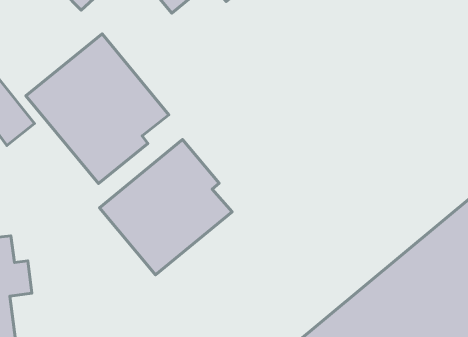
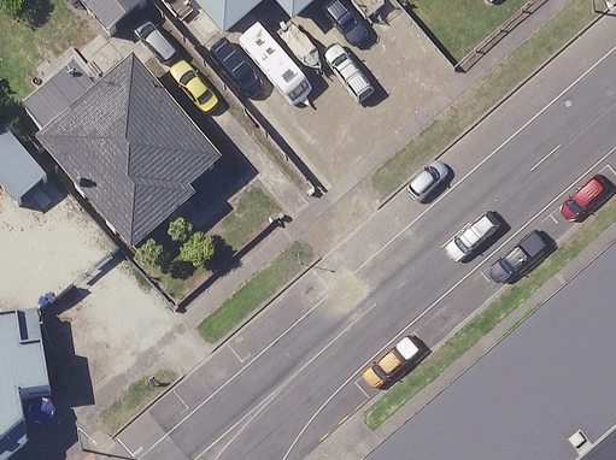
building: [100,140,232,275] -> none

